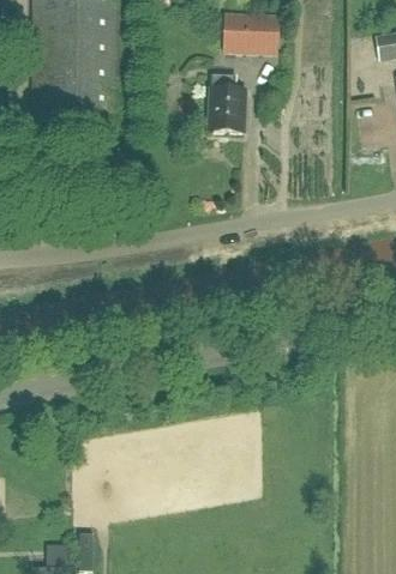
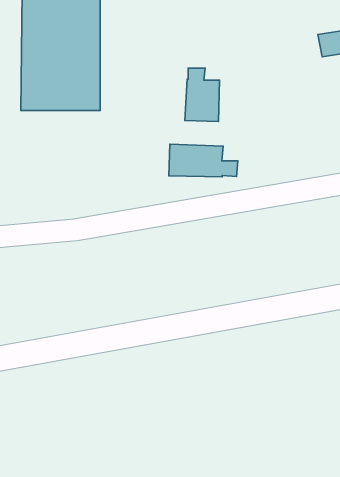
building: [224,12,277,52] -> none
building: none -> [169,144,238,177]

